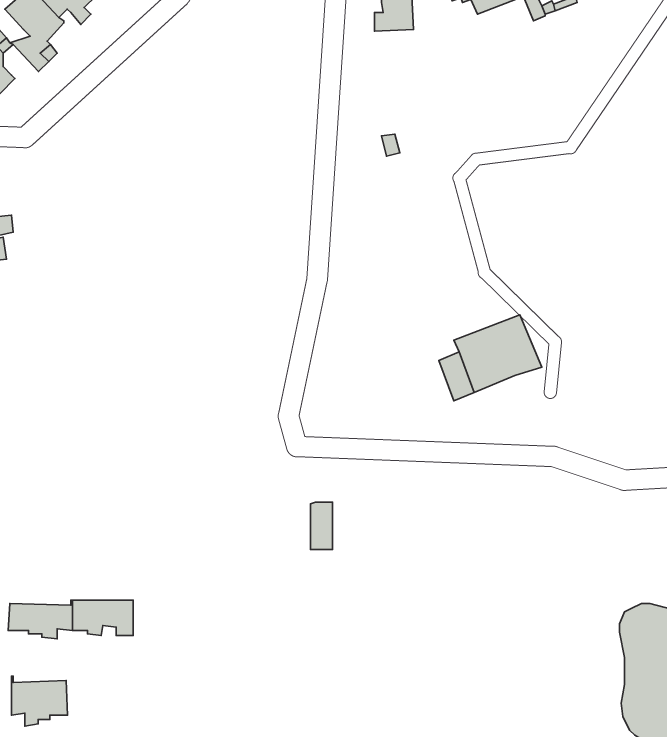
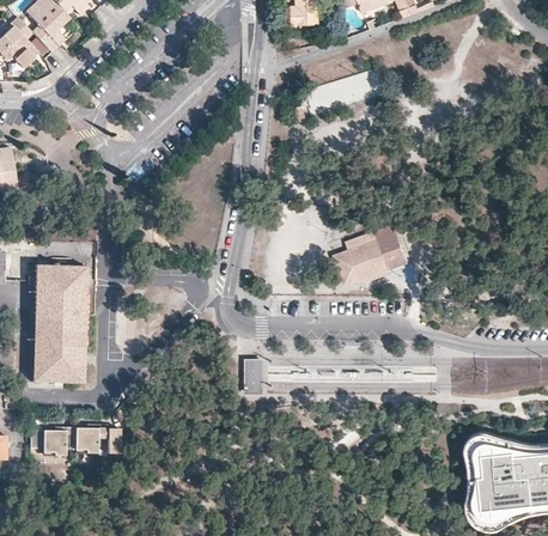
building: none -> [32,264,86,383]
building: [12,676,68,726] -> none

